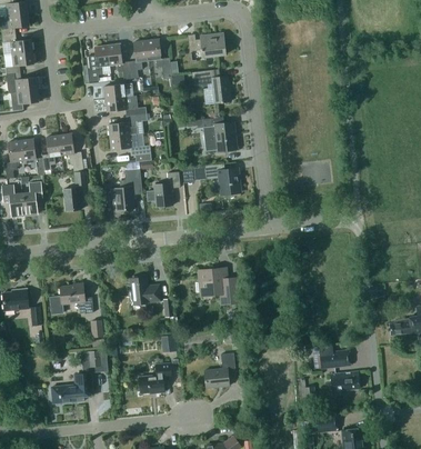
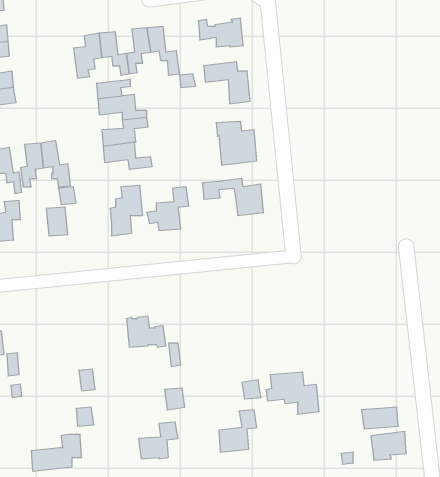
building: [194,268,238,302] -> [266,372,319,414]
building: [49,282,93,313] -> none

